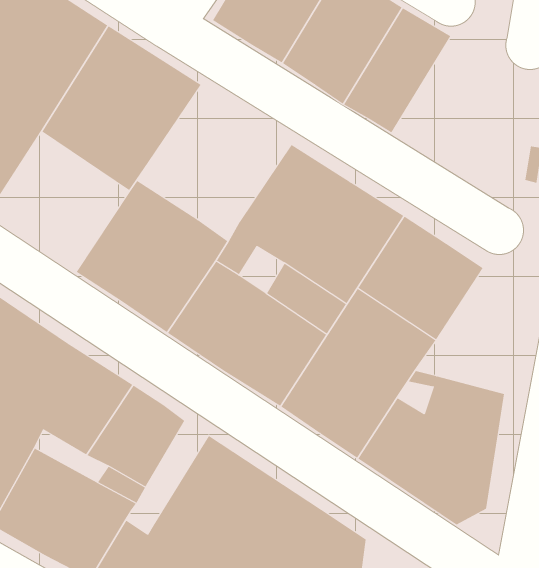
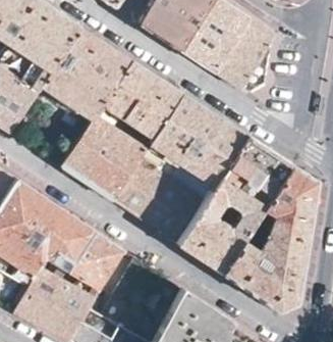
building: none -> [106,61,186,139]
building: none -> [269,165,317,237]

